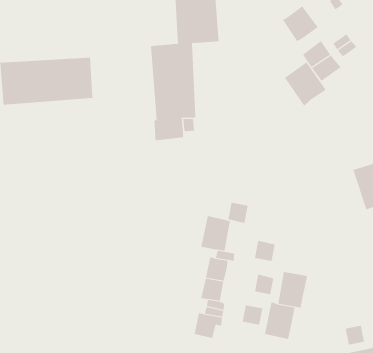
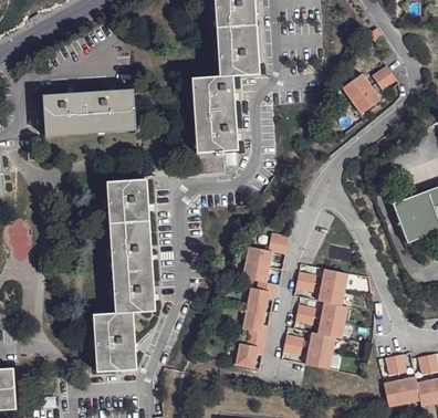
building: [282,5,319,42] -> none
building: [284,61,326,106] -> none
building: none -> [90,180,156,372]
building: none -> [319,269,348,305]

